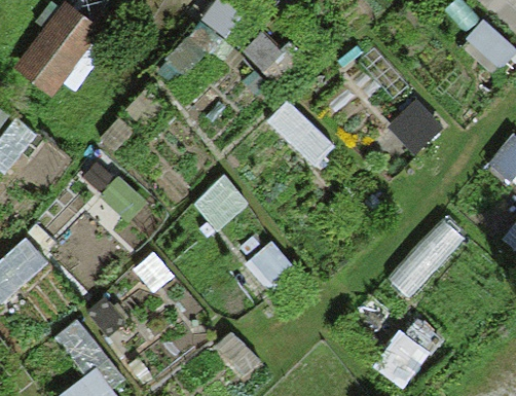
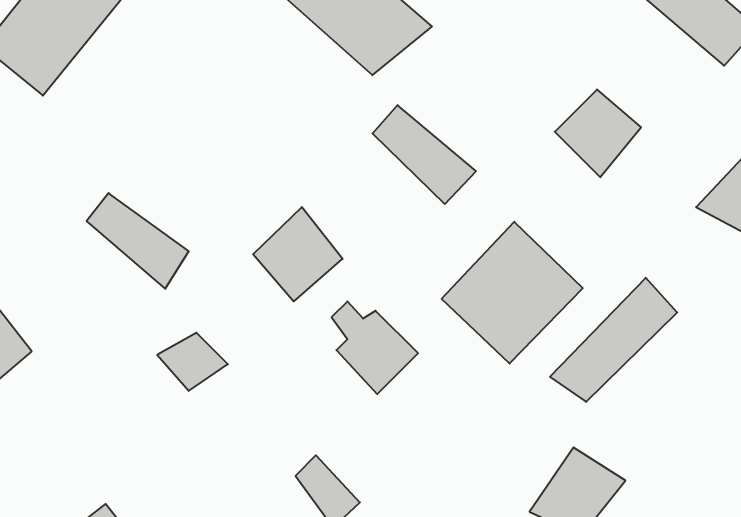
building: none -> [442,222,583,364]

